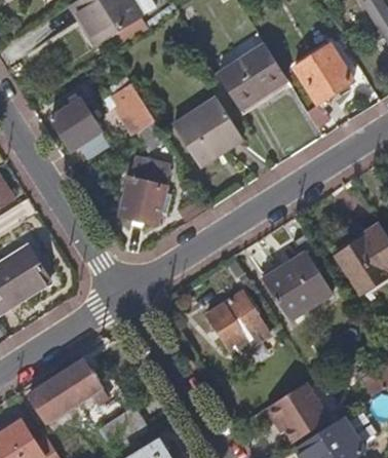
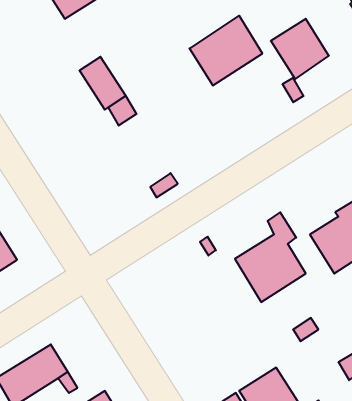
building: [50,93,101,150] -> none
building: [176,100,239,165] -> none
building: [123,156,176,230] -> none
building: [205,292,261,351] -> none

